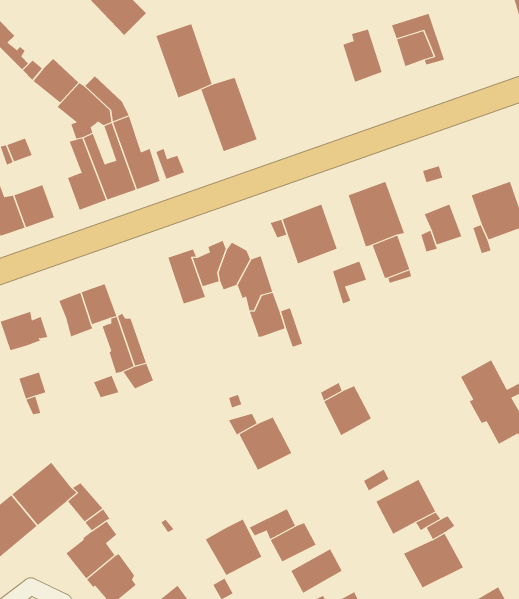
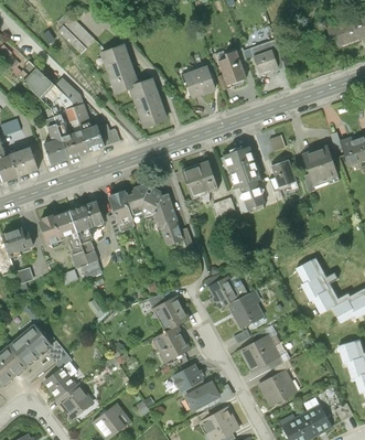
building: none -> [184,65,215,97]
building: none -> [69,202,104,232]
building: none -> [229,289,265,328]
building: [205,519,262,576] -> [153,324,190,361]

